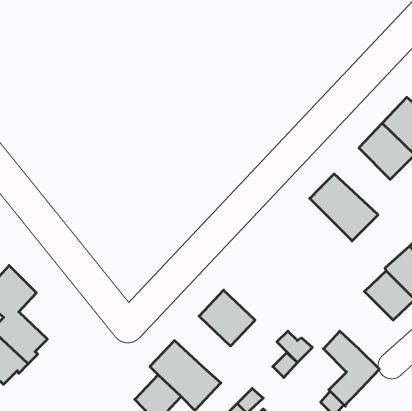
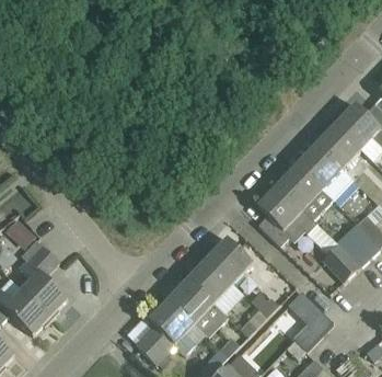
building: none -> [297,144,351,197]
building: none -> [257,184,317,245]
building: none -> [208,237,253,282]
building: none -> [169,278,228,327]

